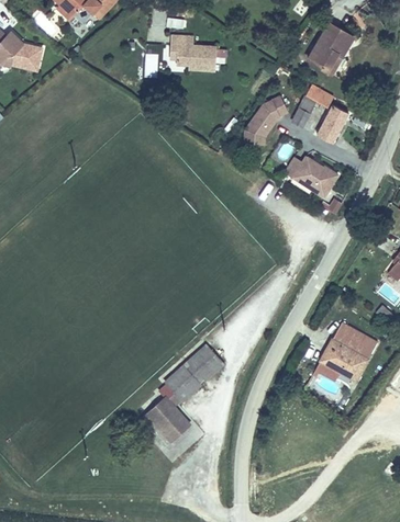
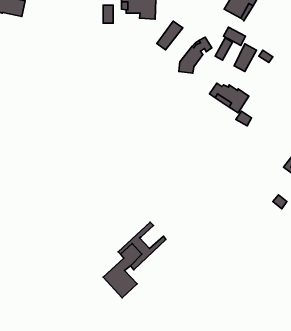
building: none -> [157,21,183,50]
building: [310,324,371,382] -> none
building: [192,347,224,377] -> none

